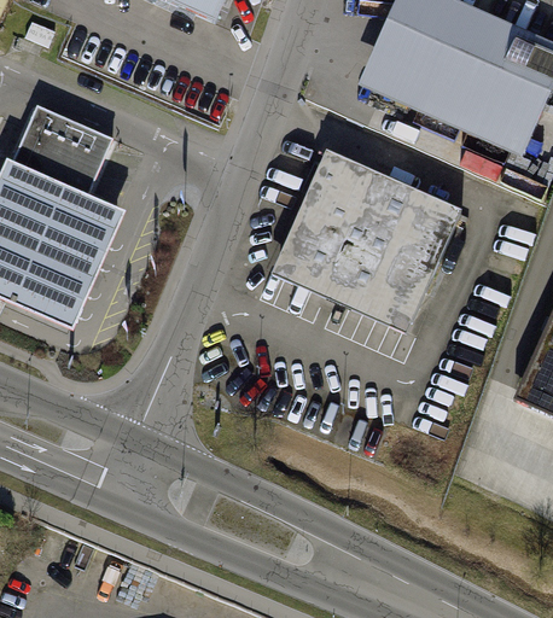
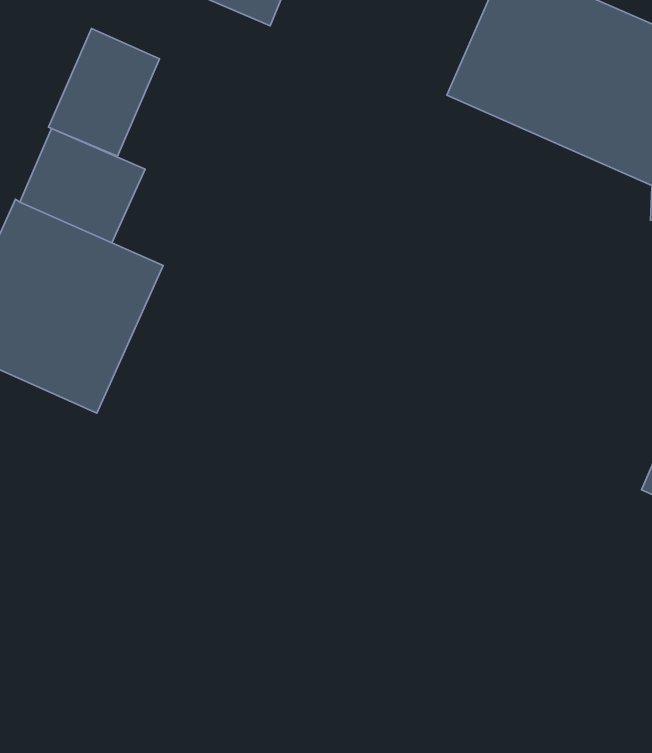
building: none -> [48,29,159,156]
building: [270,147,464,333] -> none

